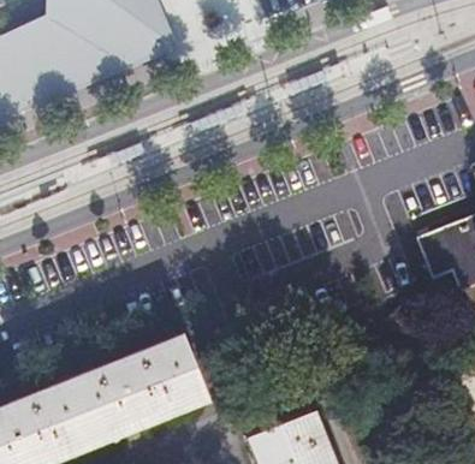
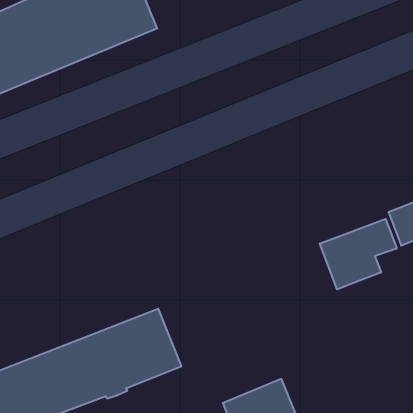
building: none -> [320,219,397,289]

